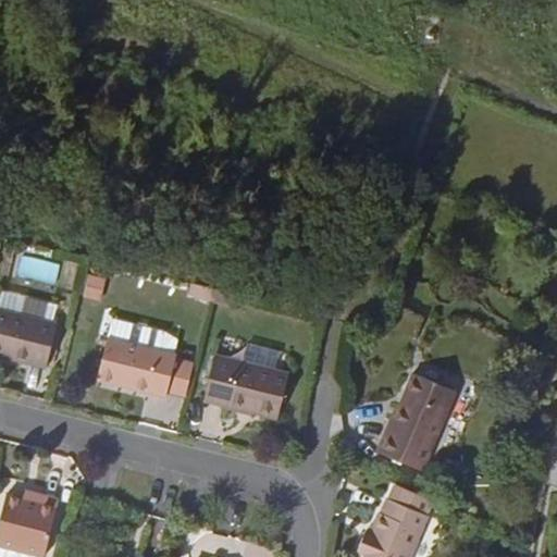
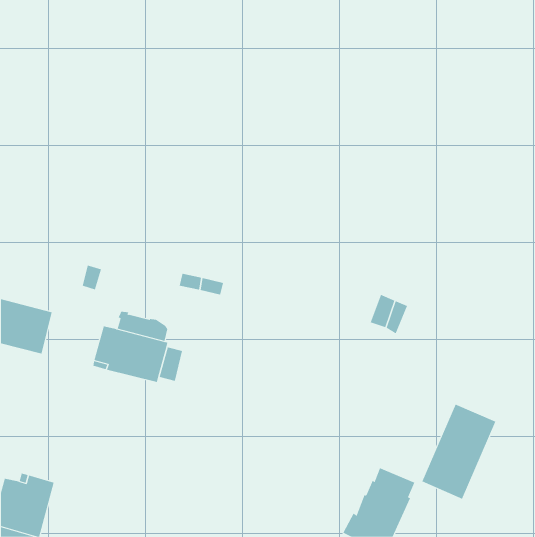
building: [203,355,288,419] -> none
building: [379,372,456,471] -> [421,404,496,499]

